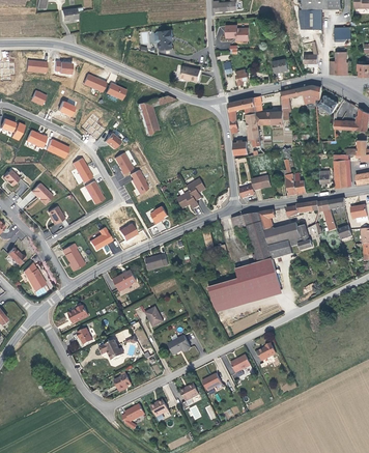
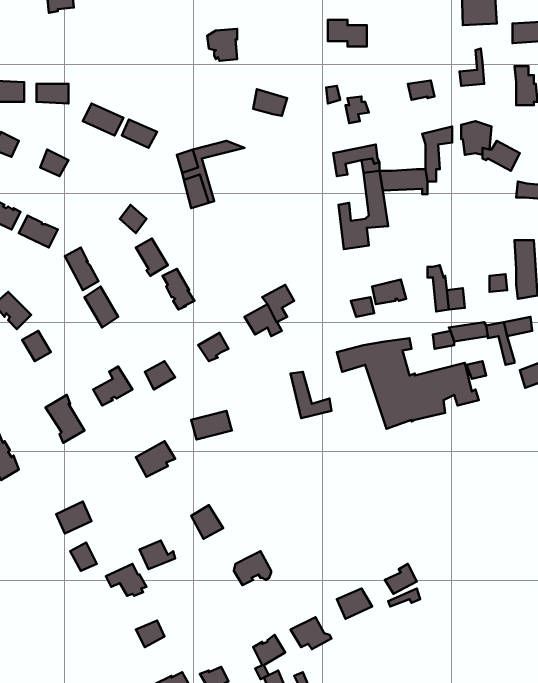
building: [209,258,286,314] -> none

